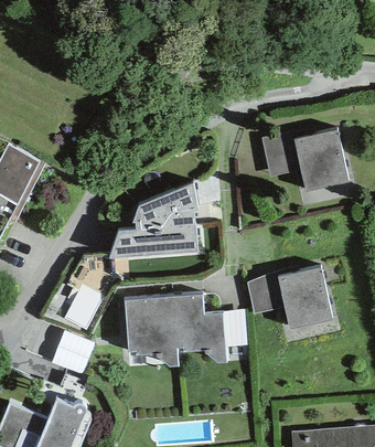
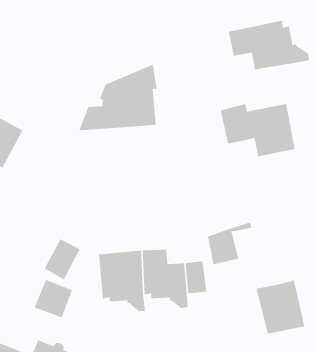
building: none -> [228,20,309,70]
building: [109,182,199,258] -> [79,64,157,131]
building: [277,266,333,328] -> [256,280,305,334]

